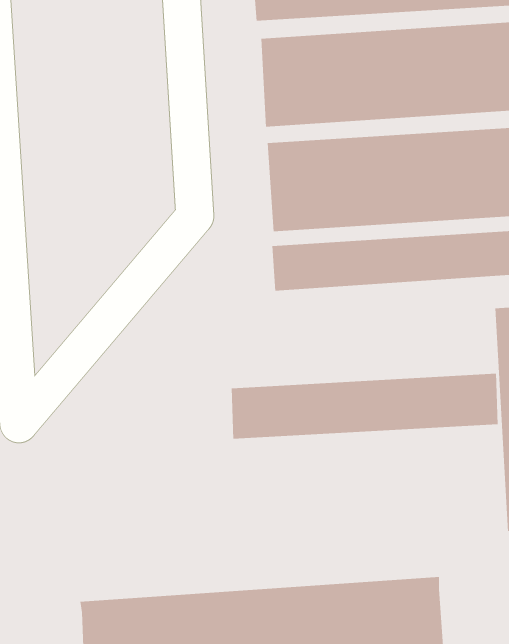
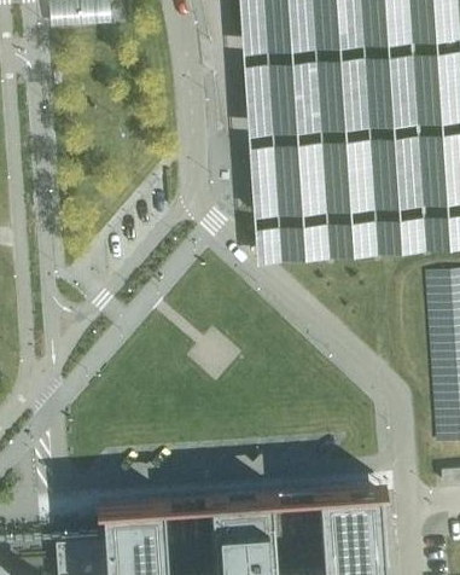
building: [231,373,498,440] -> none

